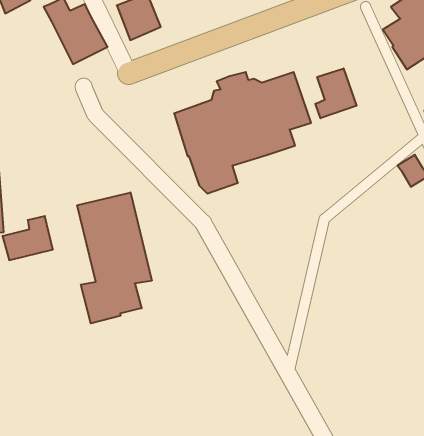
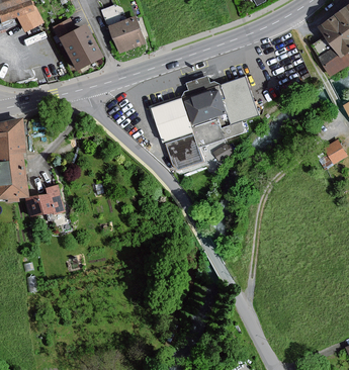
building: [315,68,357,118] -> none
building: [77,192,152,323] -> none

